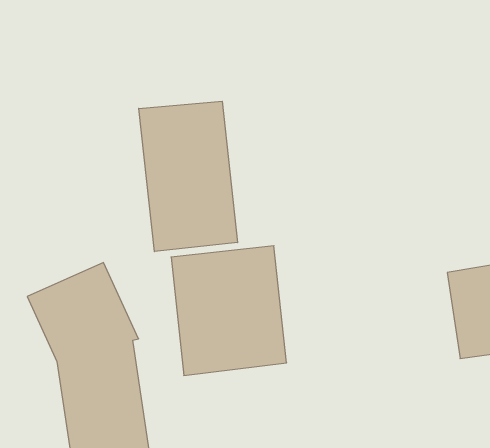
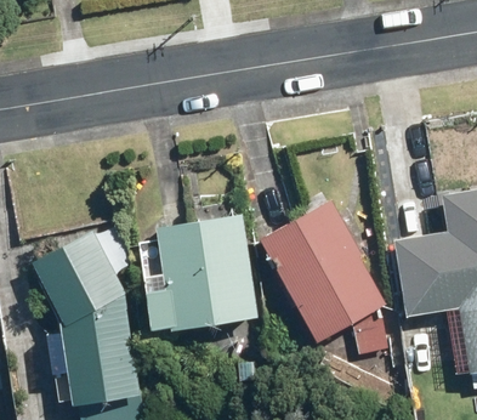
building: [139,101,238,252] -> none
building: none -> [255,199,390,345]

